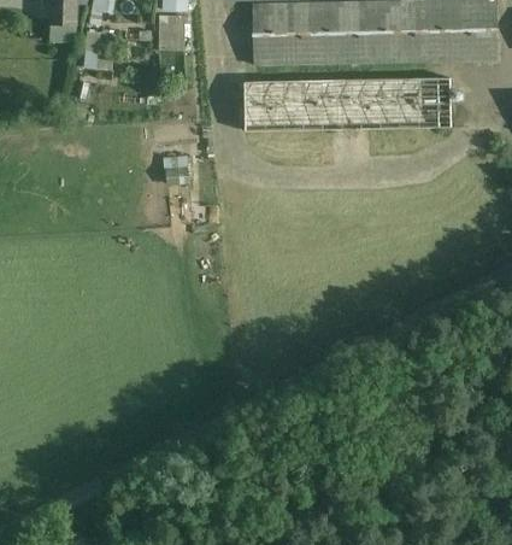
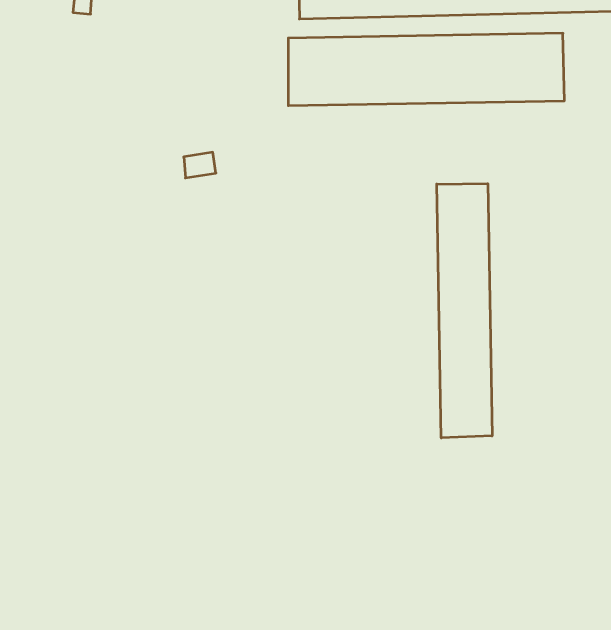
building: none -> [437,184,492,438]

